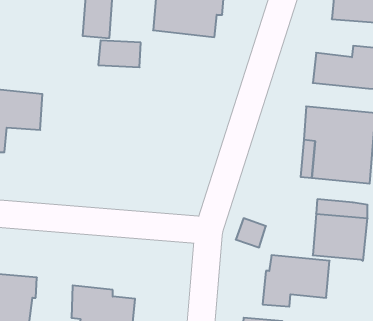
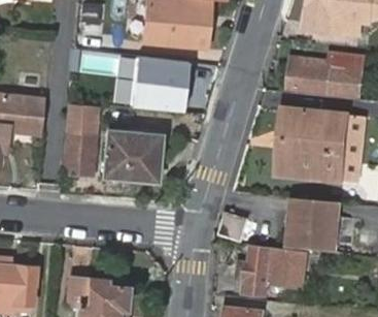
building: none -> [136,54,194,109]
building: none -> [63,106,95,177]
building: none -> [104,129,158,180]

